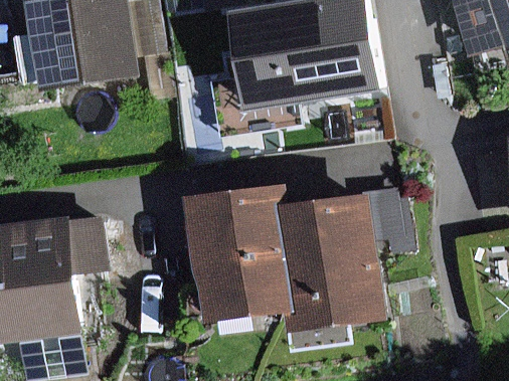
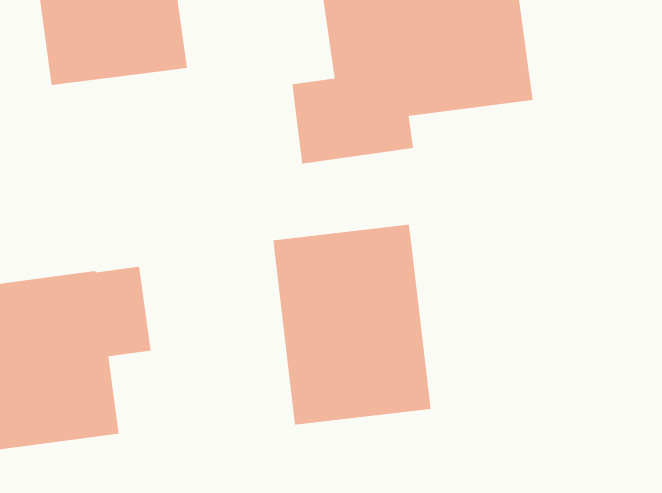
building: [292,188,406,324] -> none

